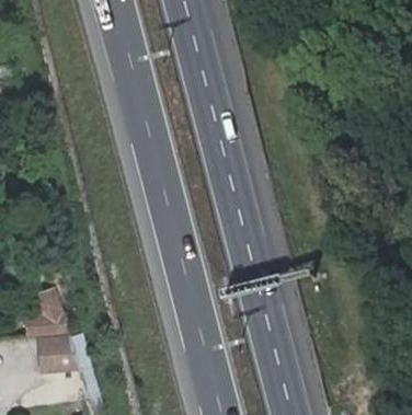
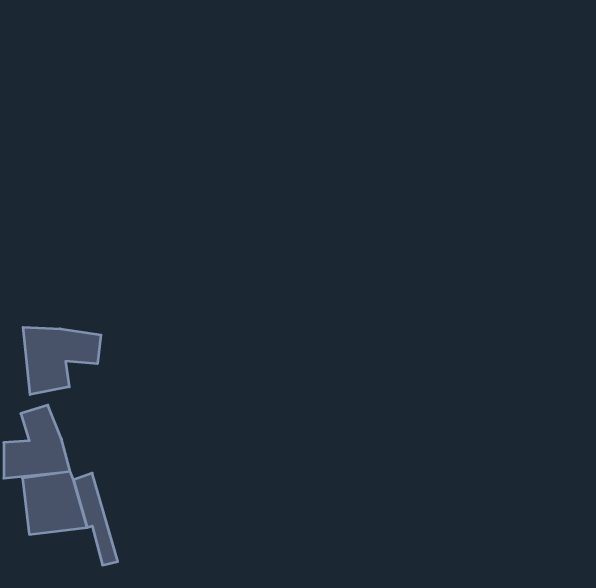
building: none -> [23,327,101,395]

